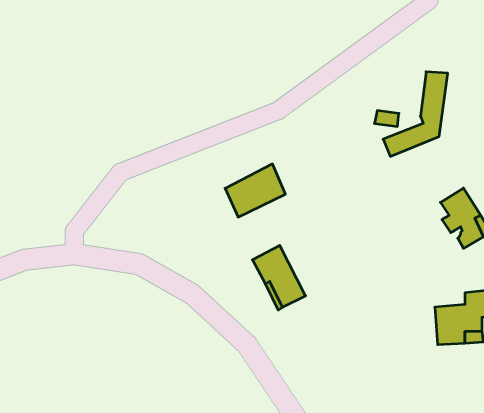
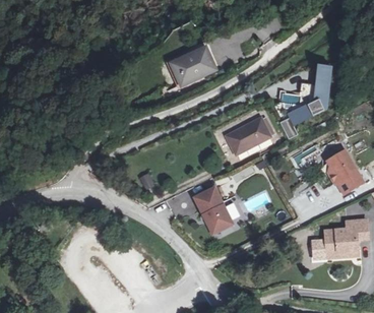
building: none -> [177,48,219,82]
building: [225,164,285,217] -> [225,117,267,154]

